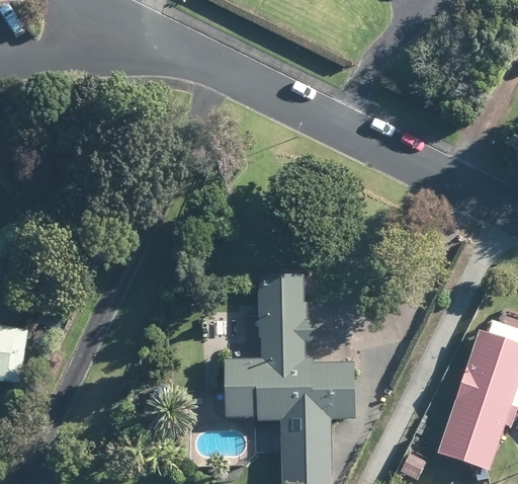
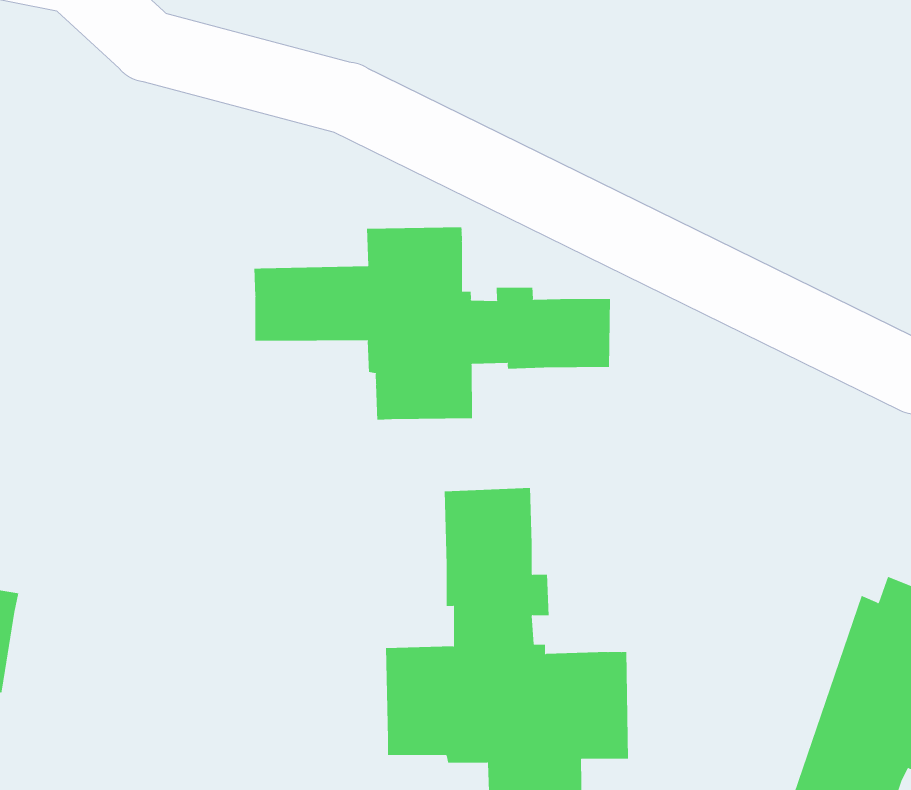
building: none -> [254,226,610,420]

